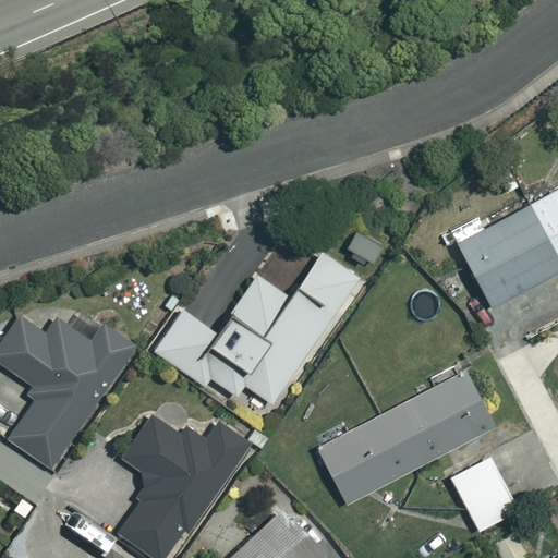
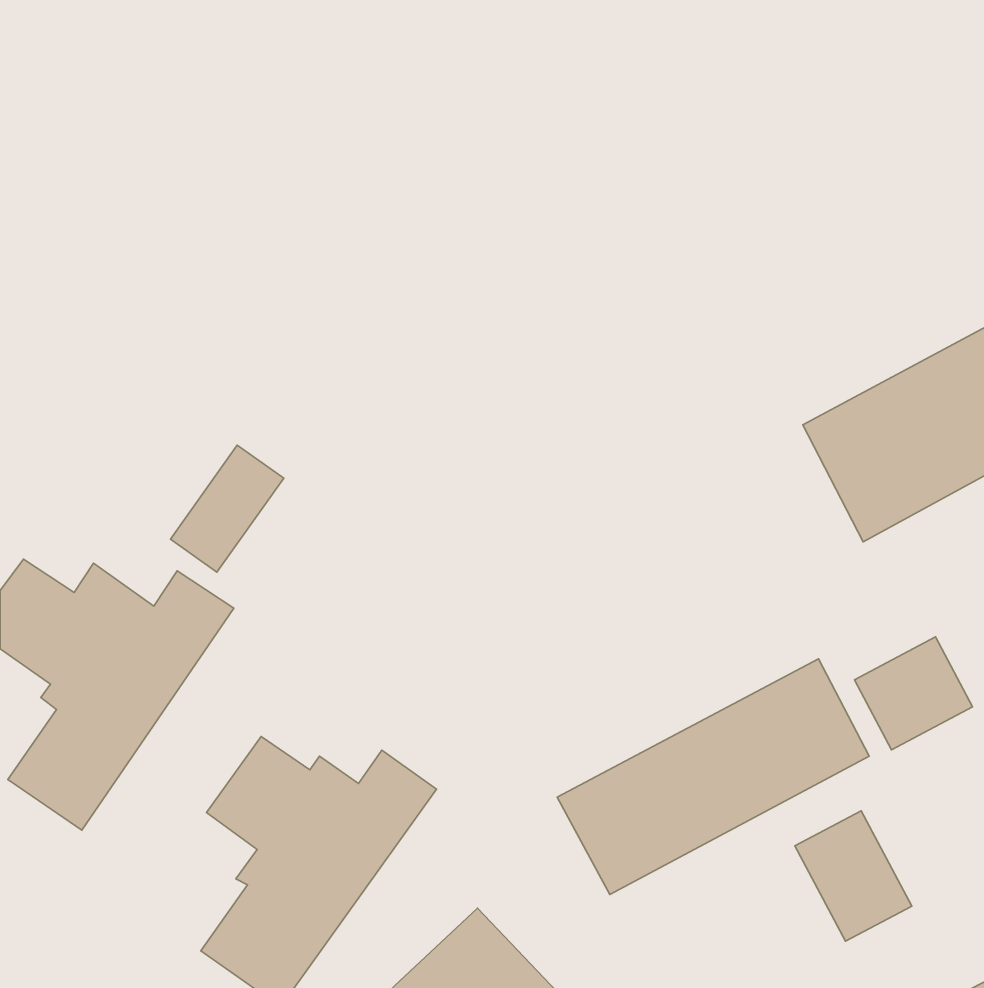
building: [155,251,360,402] -> none
building: none -> [170,445,284,572]
building: none -> [854,637,973,750]

